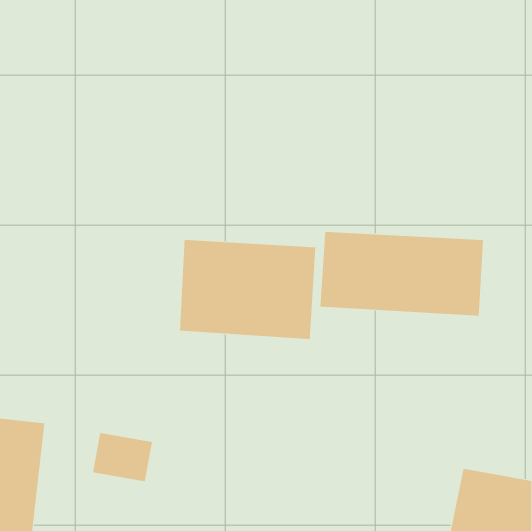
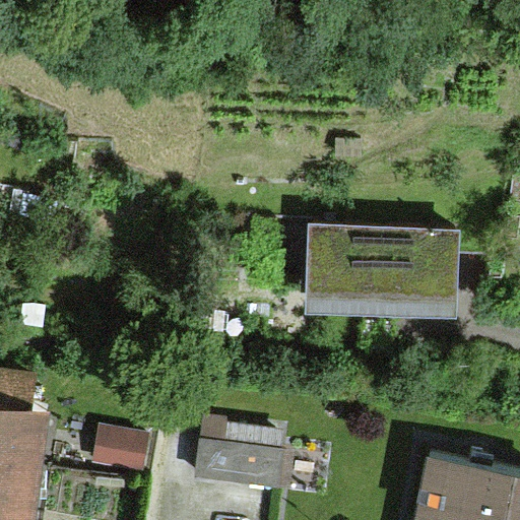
building: [180,239,316,340] -> none
building: none -> [192,418,279,484]

